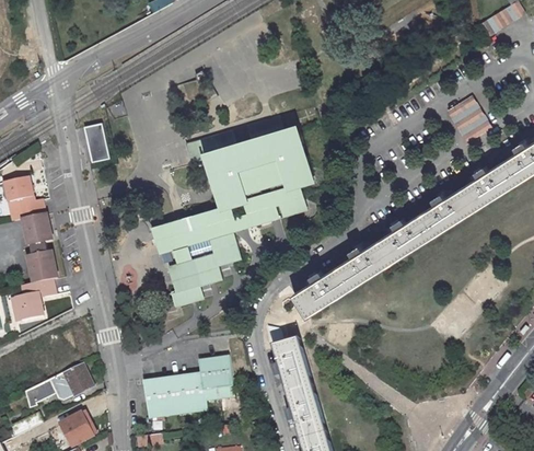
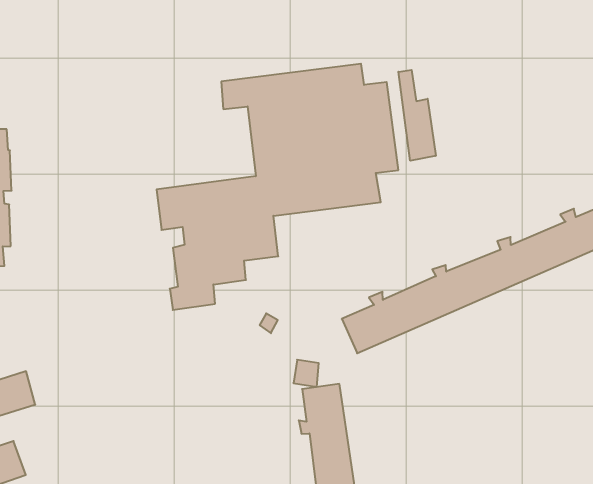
building: none -> [398,70,436,161]
building: [84,125,109,163] -> none
building: [136,360,224,418] -> none

